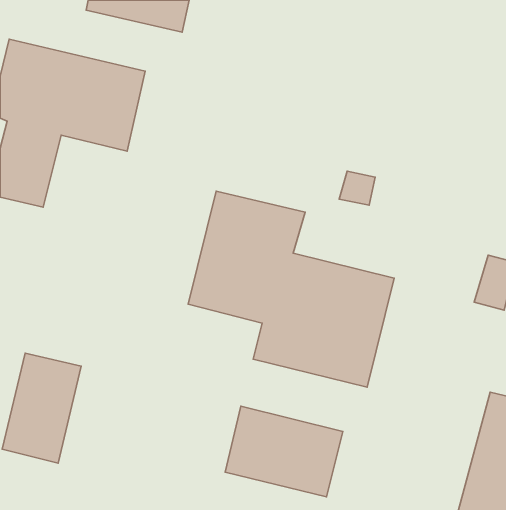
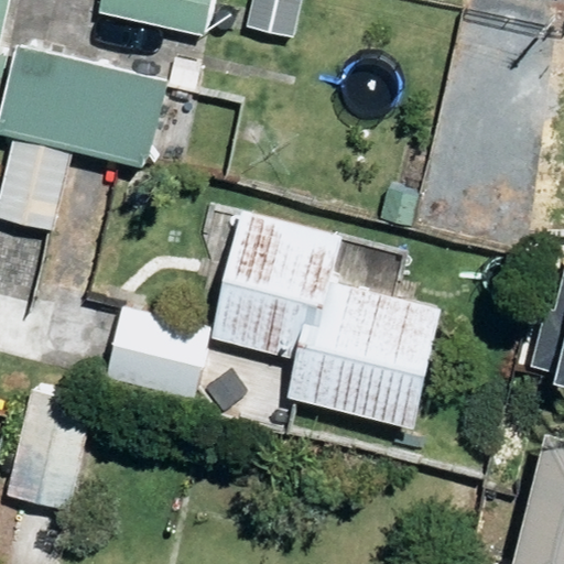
building: none -> [105,305,209,400]
building: [225,406,343,497] -> none

